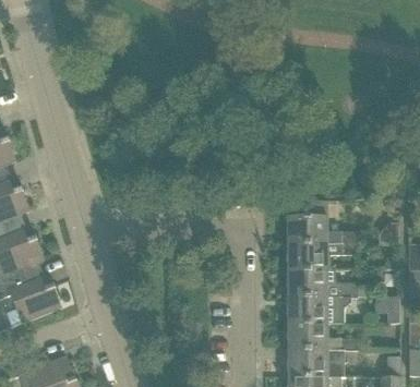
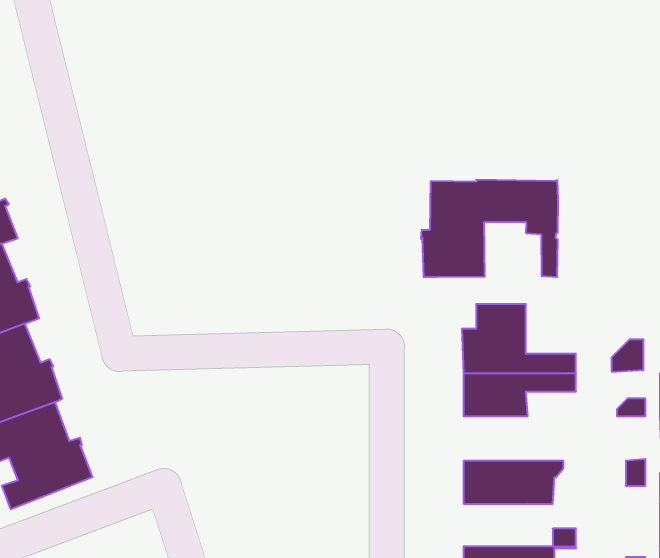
building: none -> [421,180,558,277]
building: [288,270,357,298] -> none
building: [288,324,327,350] -> none

